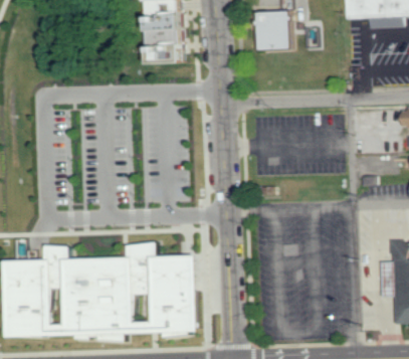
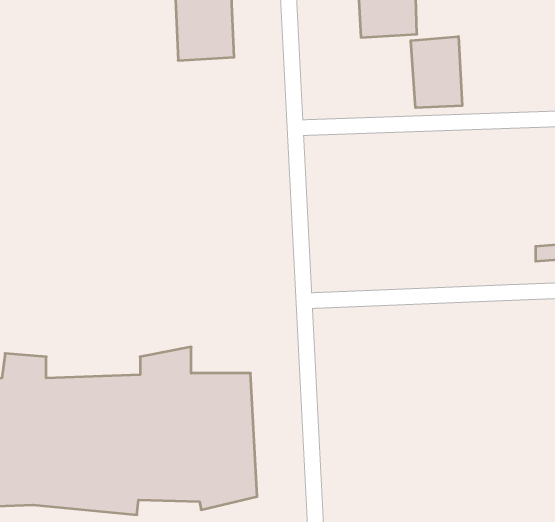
building: none -> [411,36,462,108]

